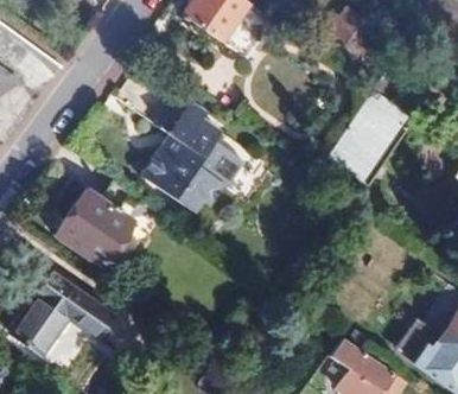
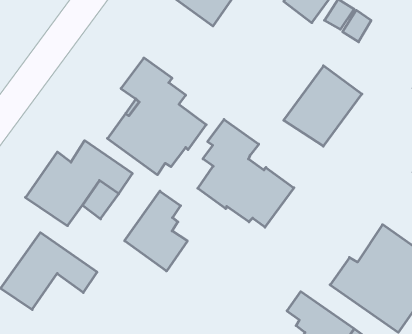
building: none -> [198,119,294,227]
building: none -> [125,191,187,271]

